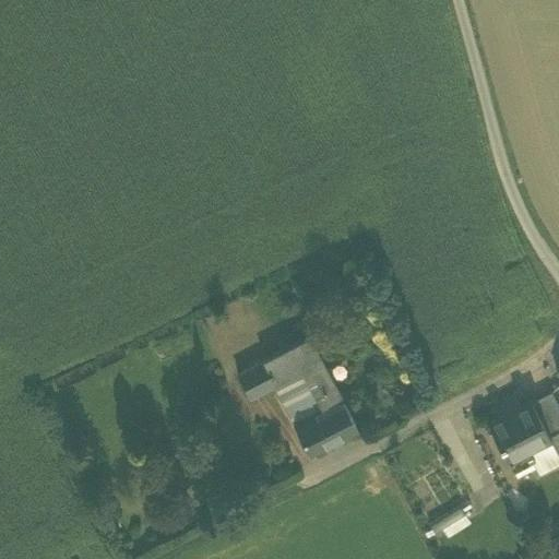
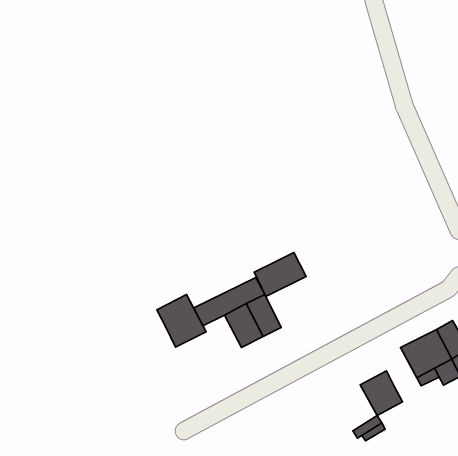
building: none -> [157,295,206,347]
building: [295,402,358,455] -> [254,252,306,296]
building: none -> [360,371,403,416]

